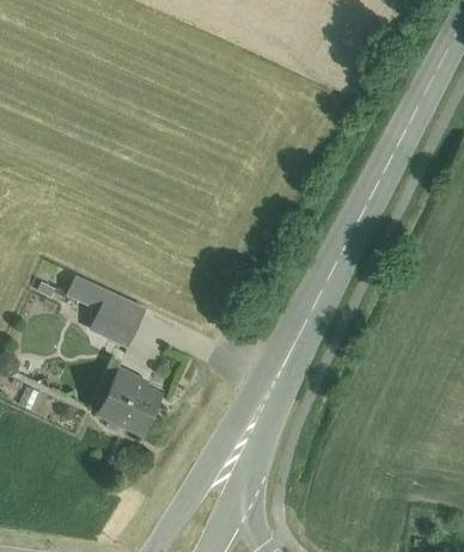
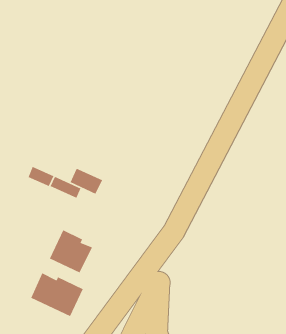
building: [90,307,139,346] -> [69,168,103,195]
building: none -> [30,272,84,317]

